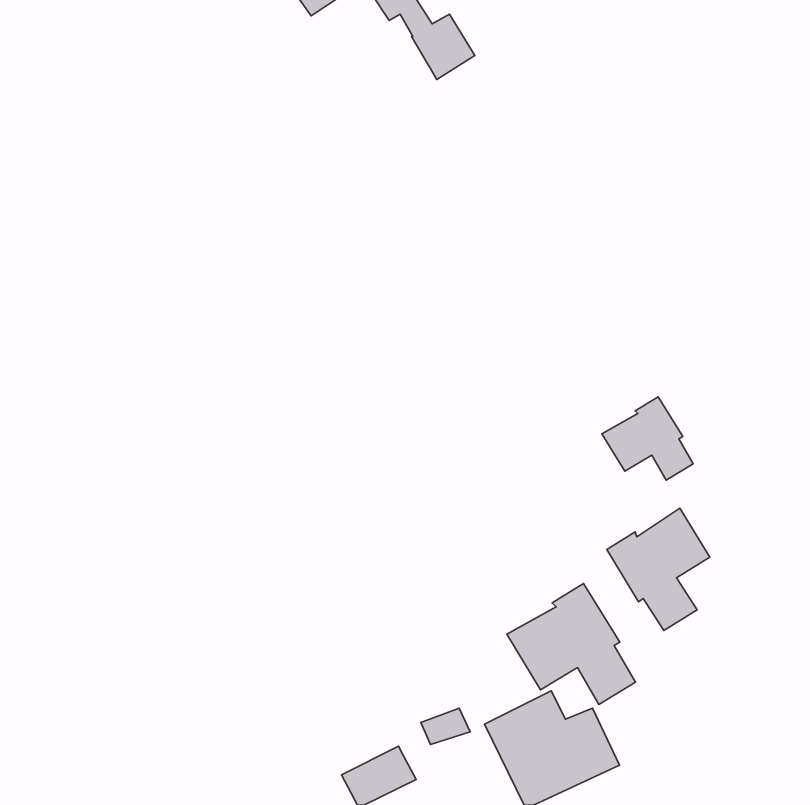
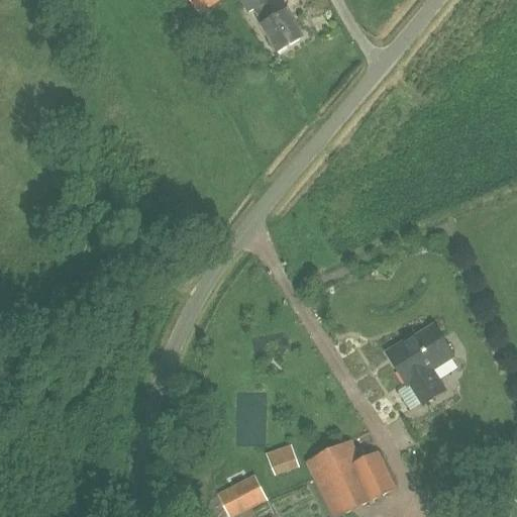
building: [602,397,693,480] -> none
building: [507,584,636,705] -> none

